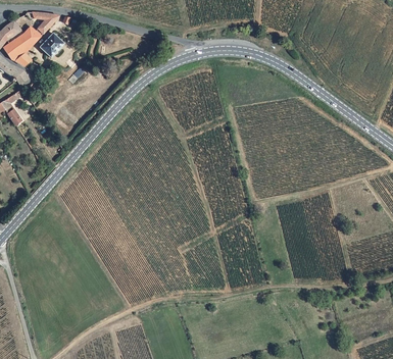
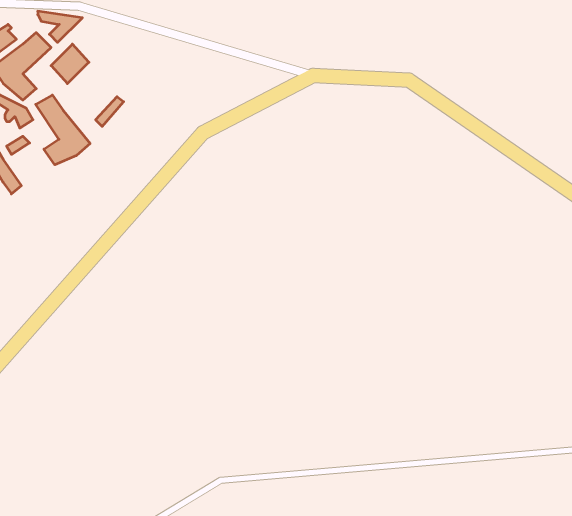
building: none -> [36,95,90,165]

